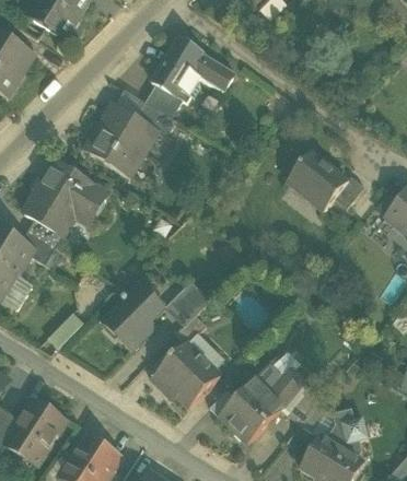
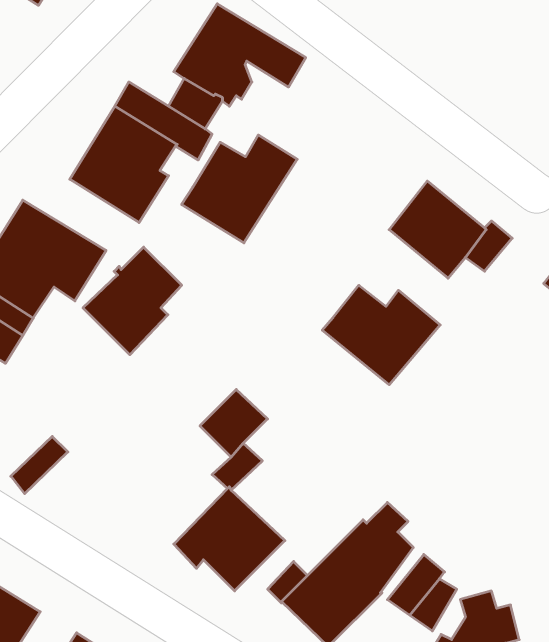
building: none -> [182,135,297,243]
building: none -> [322,285,440,385]
building: [102,283,164,351] -> [83,247,182,355]

